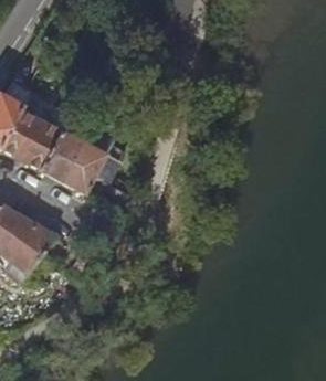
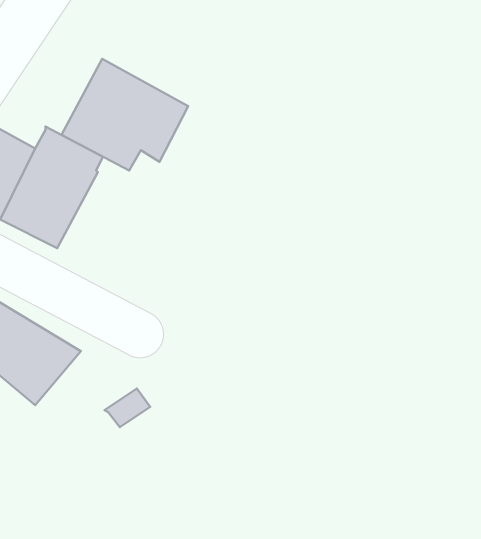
building: [41,120,124,193] -> [61,59,188,170]

